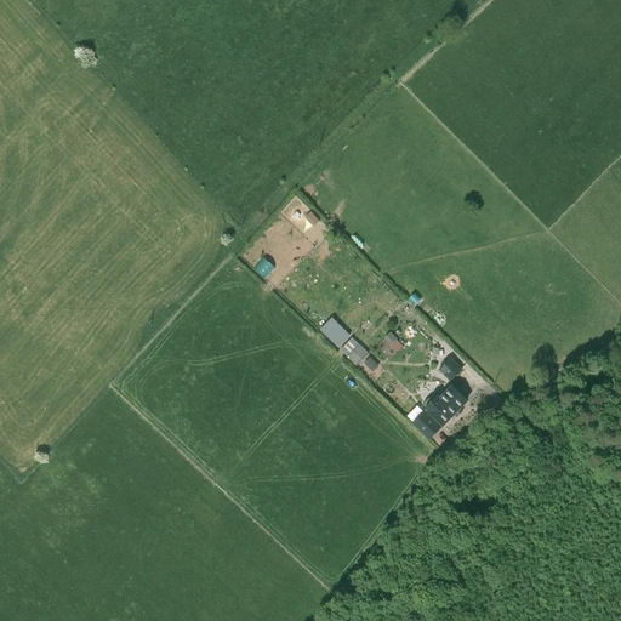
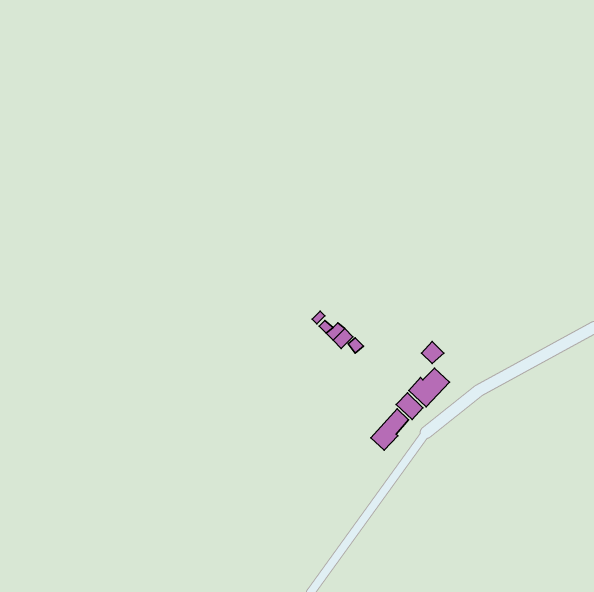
building: none -> [371,409,409,450]

